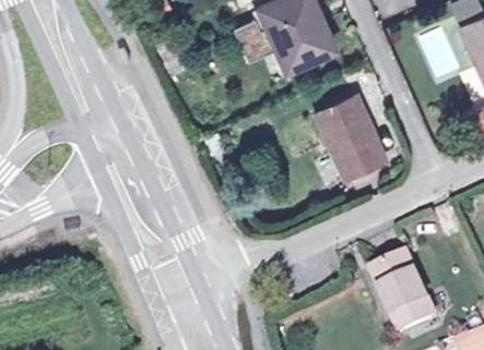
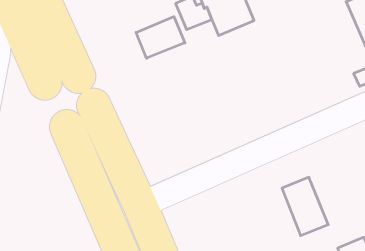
building: none -> [136,17,185,58]
building: [317,94,383,185] -> none

